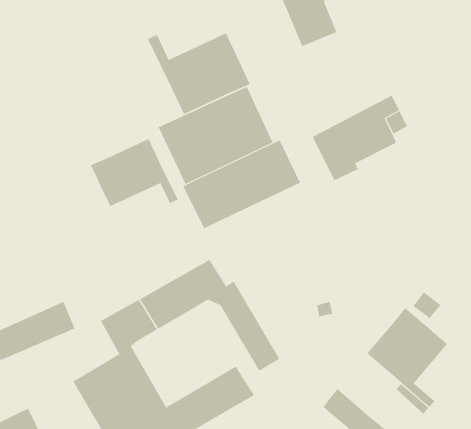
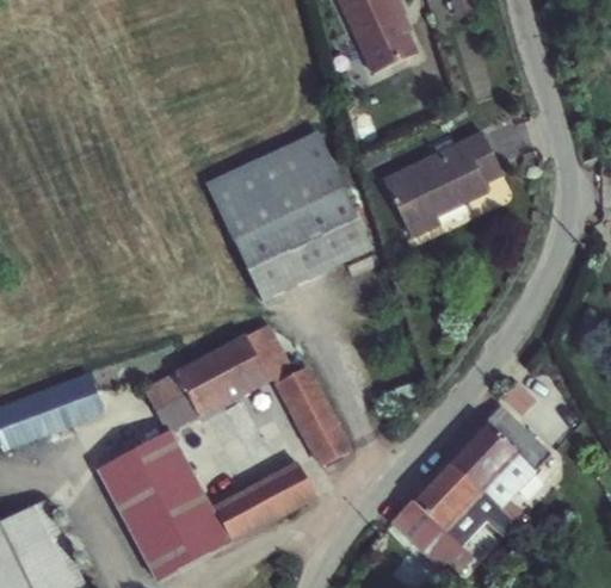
building: [147,32,251,115] -> none
building: [90,138,178,207] -> none
building: none -> [419,445,489,518]

